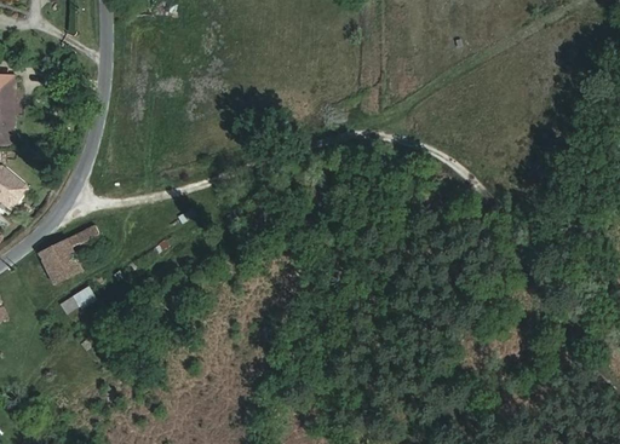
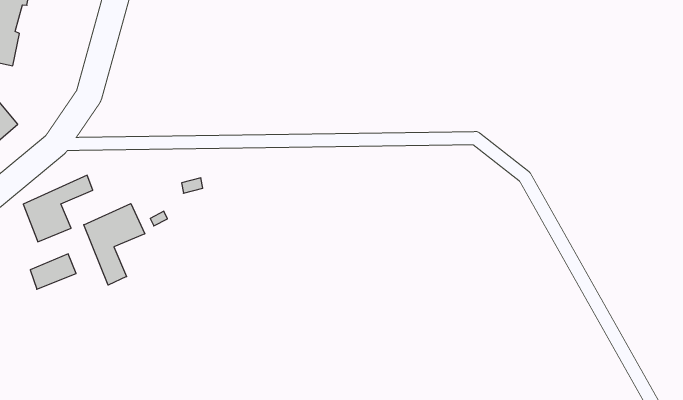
building: none -> [84,204,145,285]

